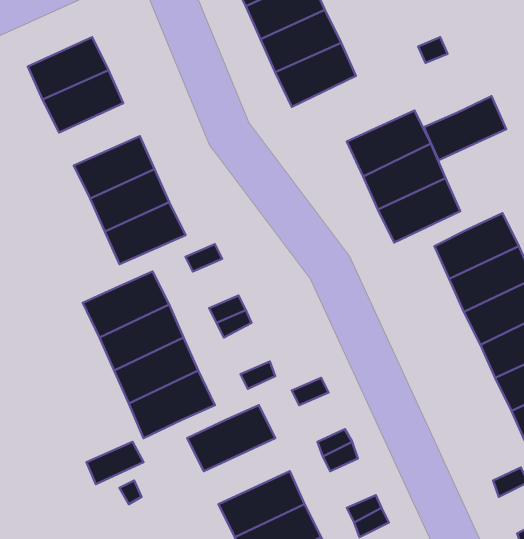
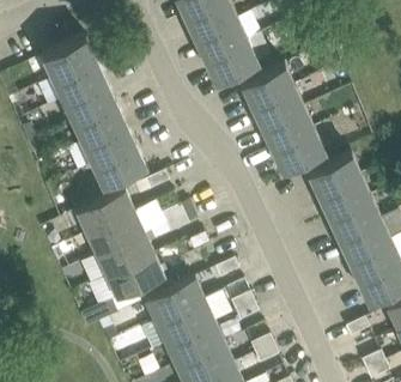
building: [424,96,506,160] -> [241,65,294,107]
building: none -> [62,81,115,122]
building: none -> [157,301,213,344]

